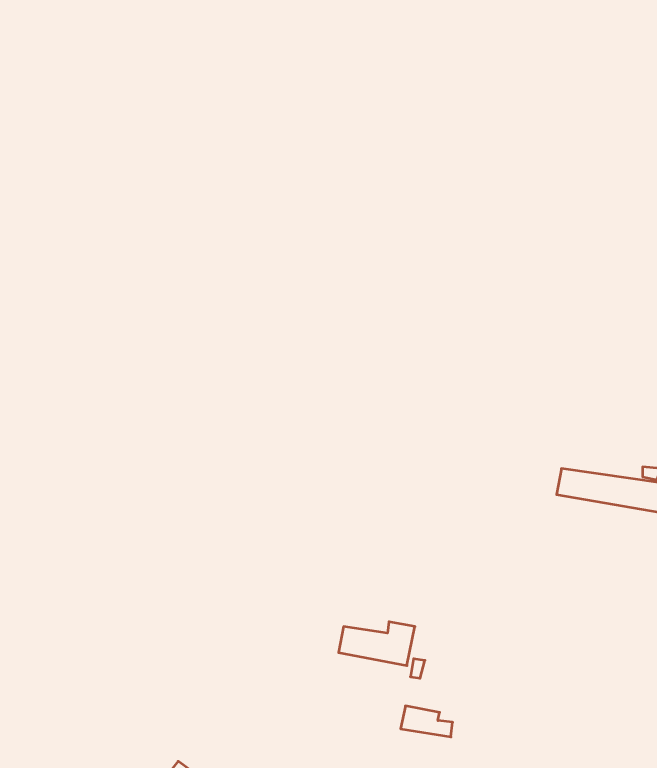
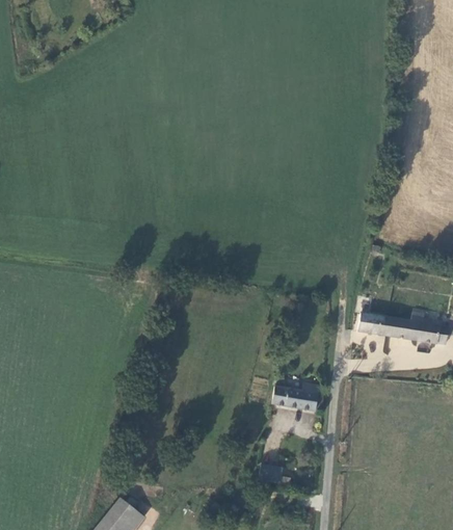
building: [339,622,415,666] -> [272,383,321,412]

